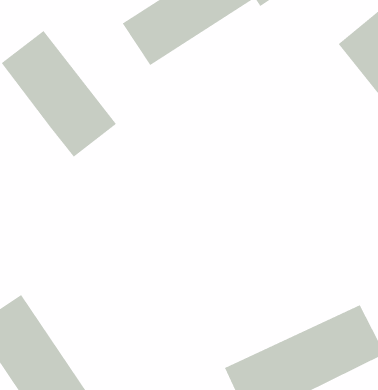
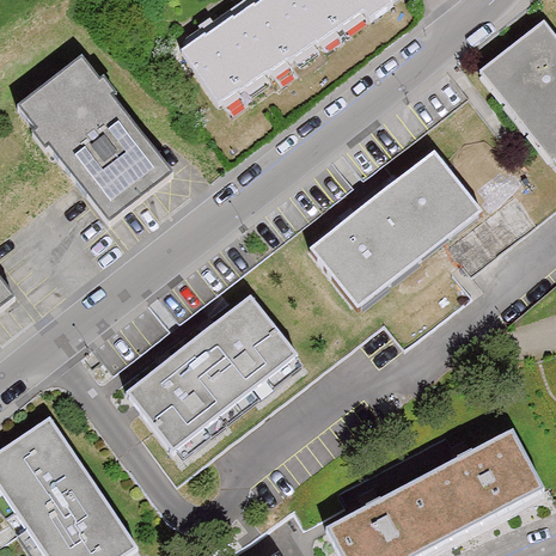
building: none -> [308,149,484,308]
building: none -> [124,295,301,459]

